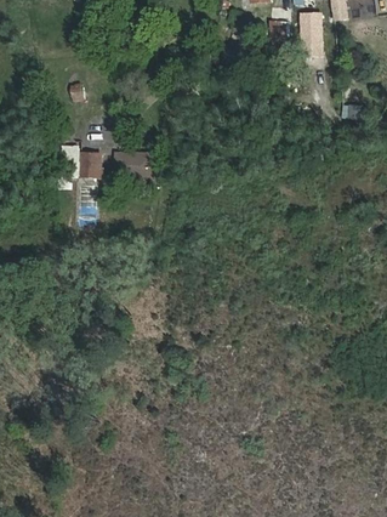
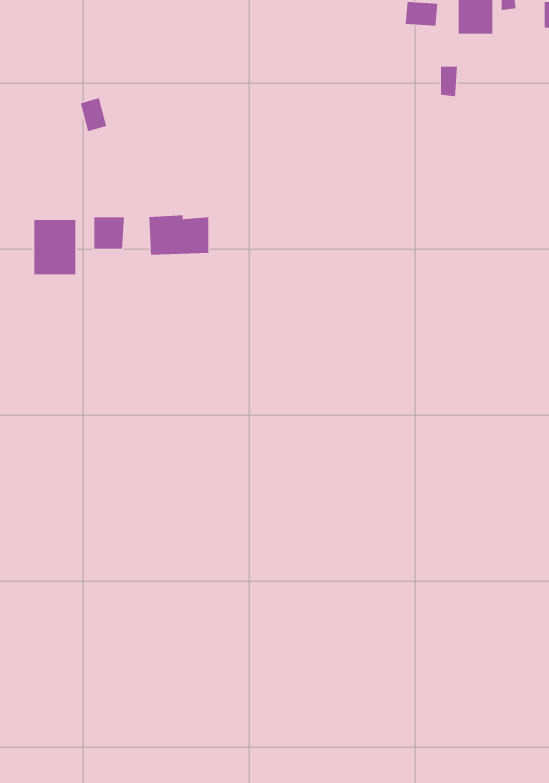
building: none -> [33,219,76,275]

